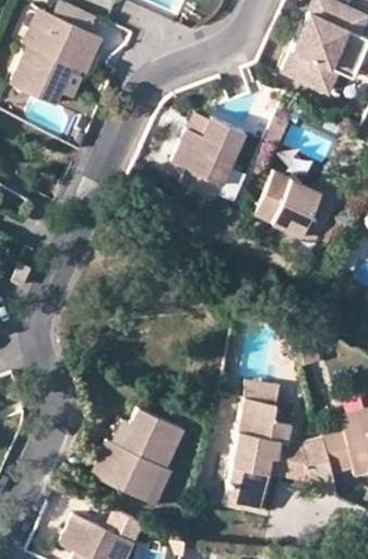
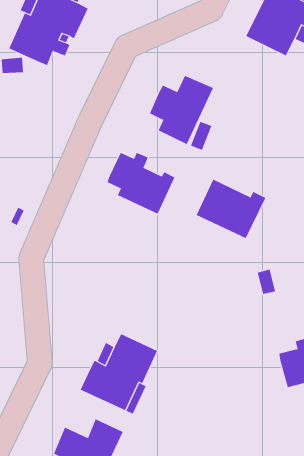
building: [256,173,336,241] -> [196,179,266,239]
building: none -> [107,152,175,215]
building: [224,399,337,512] -> none

